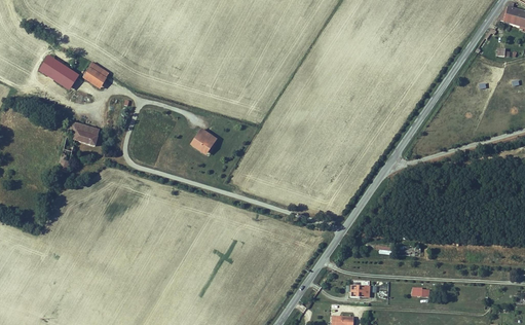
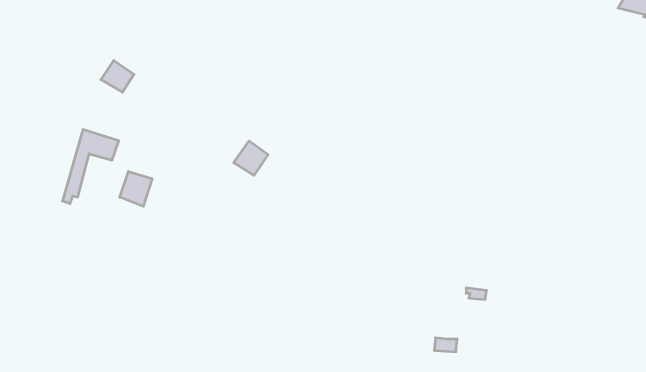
building: [38,55,79,89] -> none
building: none -> [120,171,152,206]

